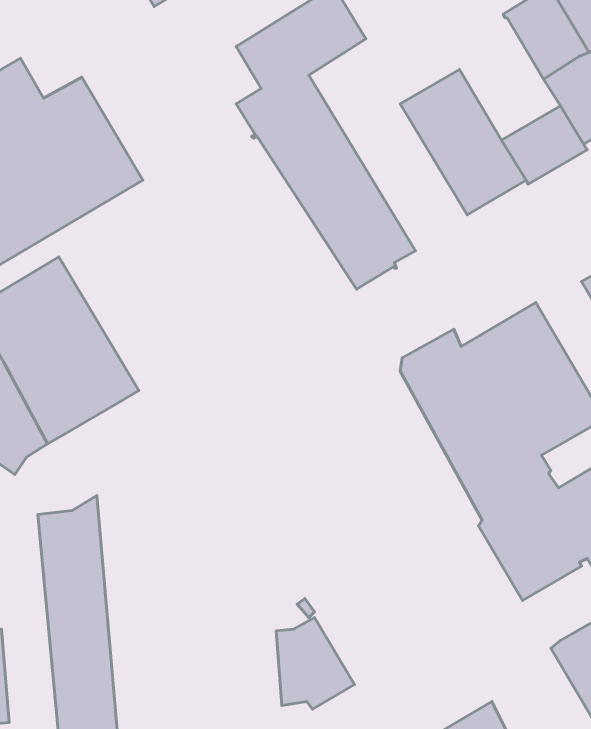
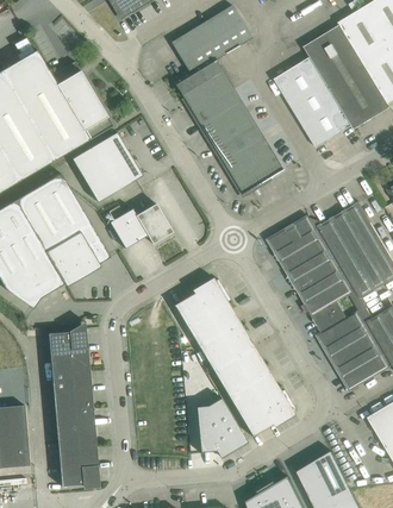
building: none -> [302,25,373,101]
building: none -> [70,132,142,202]
building: none -> [108,203,171,249]
building: none -> [173,280,295,437]

